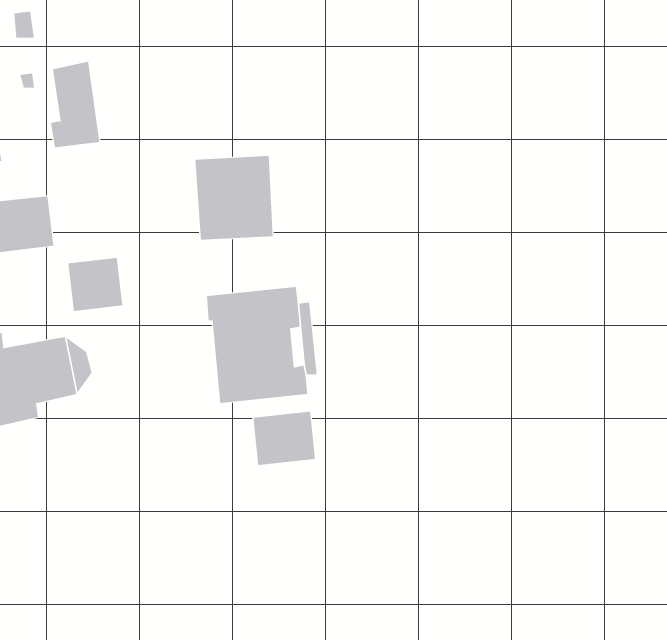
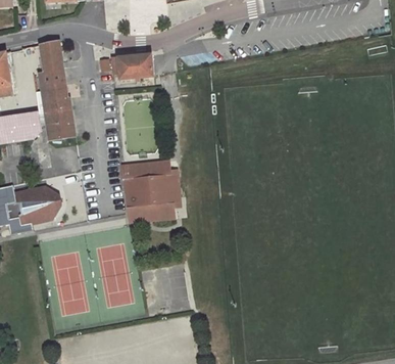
building: none -> [110,54,152,80]
building: none -> [35,84,75,140]
building: [253,411,315,466] -> none

